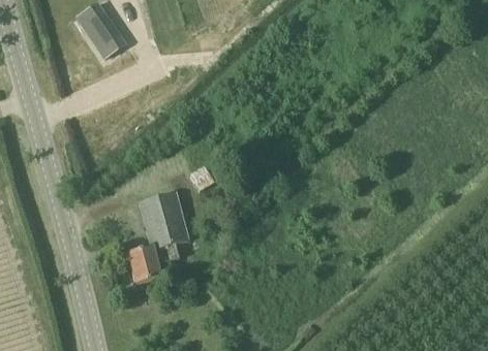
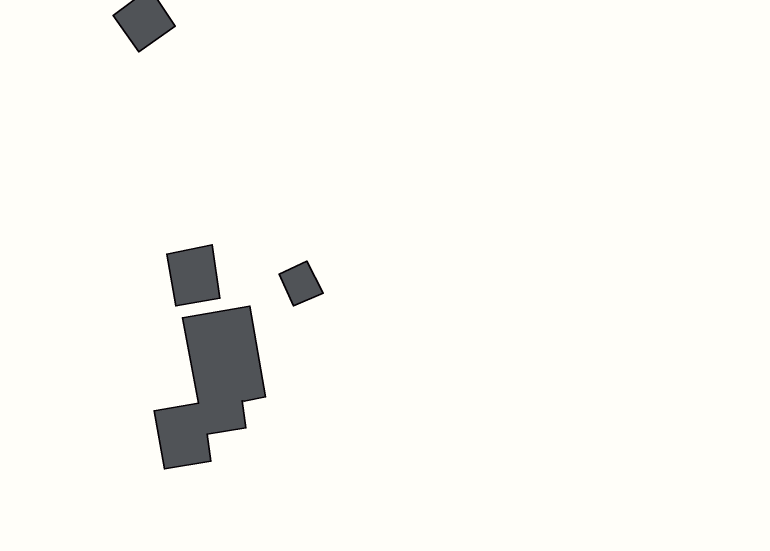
building: none -> [167,245,220,306]

